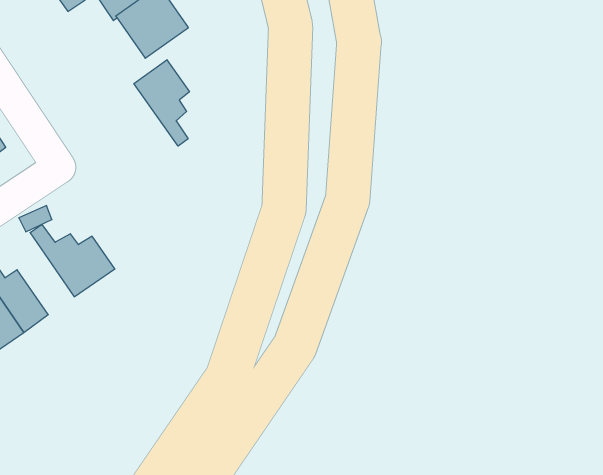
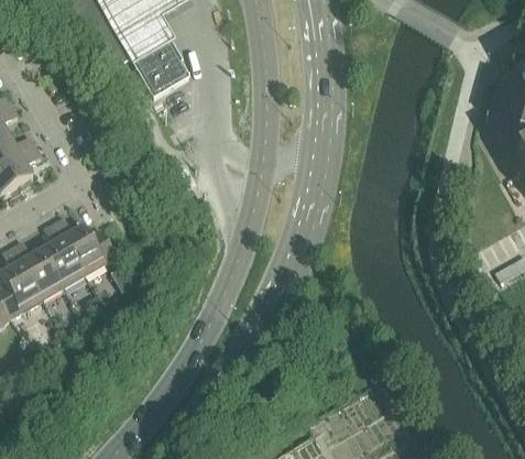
building: [134,60,189,146] -> none
building: none -> [42,221,84,285]

